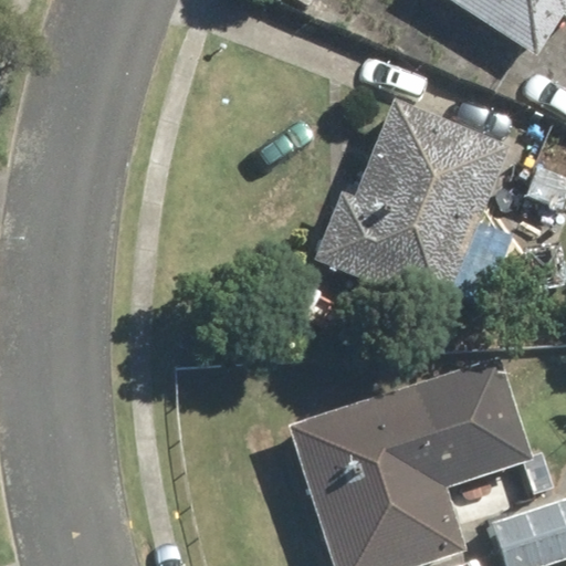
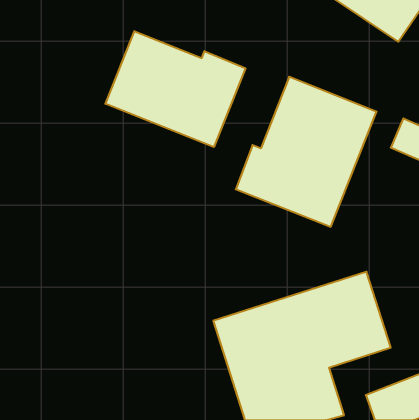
building: none -> [105,31,245,147]

